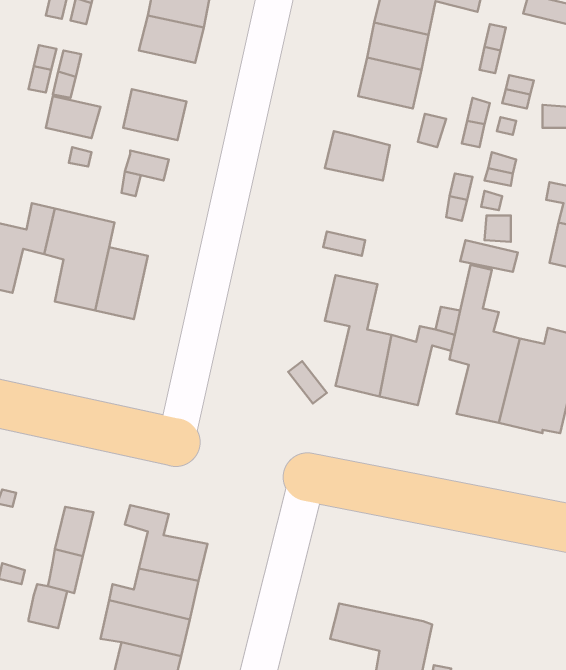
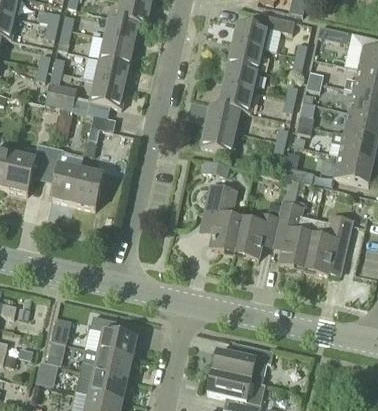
building: none -> [94,57,130,86]
building: none -> [218,83,254,113]
building: none -> [199,124,237,154]
building: none -> [212,345,273,382]

